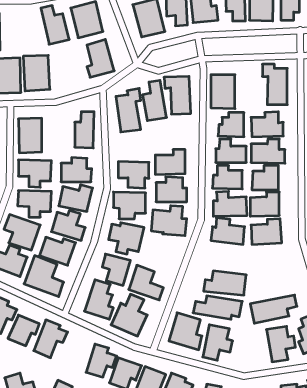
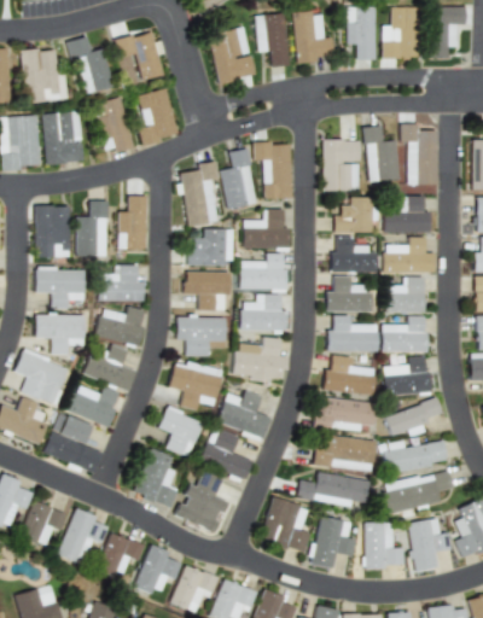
building: none -> [18,47,65,104]
building: none -> [366,126,398,181]
building: none -> [77,200,109,256]
building: none -> [244,209,290,247]
building: none -> [188,228,234,264]
building: none -> [217,390,272,438]
building: none -> [315,397,376,431]
building: none -> [385,400,443,433]
building: none -> [385,441,447,472]
building: none -> [363,521,405,567]
building: none -> [100,534,145,575]

